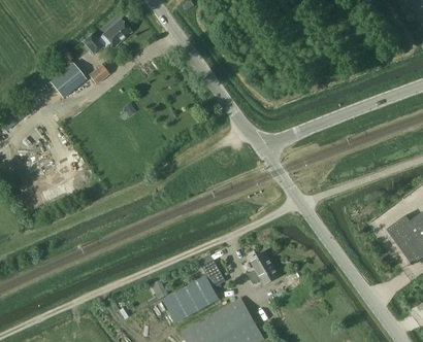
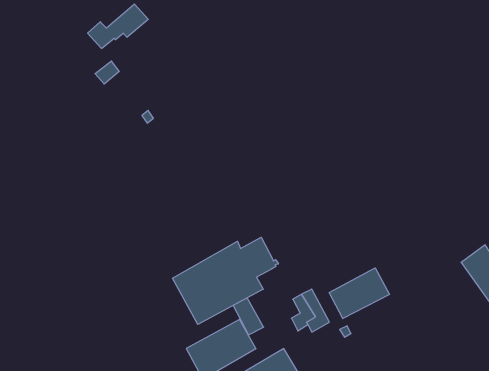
building: [51,61,86,96] -> none
building: none -> [173,237,278,324]
building: none -> [329,268,390,319]

